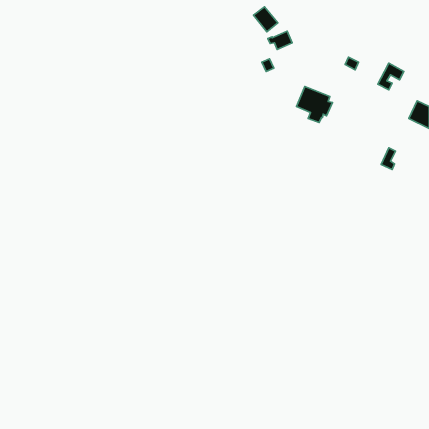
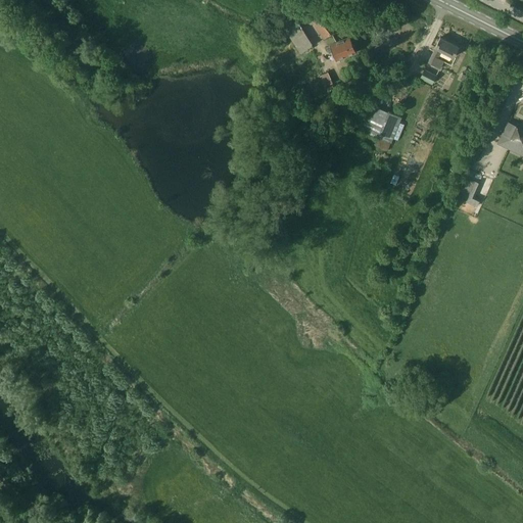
building: none -> [286,20,314,53]
building: [378,63,404,90] -> [427,37,459,69]

